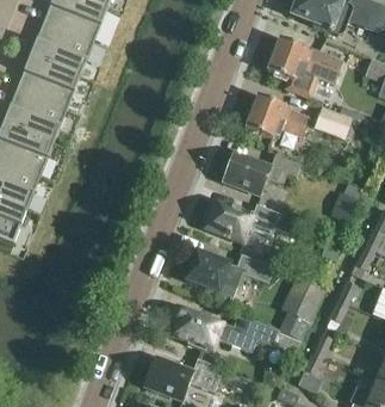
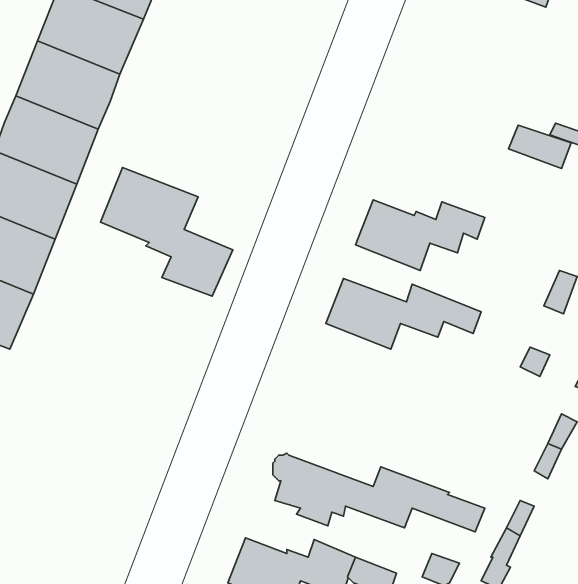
building: [267,37,342,95] -> none
building: [244,94,306,137] -> none
building: none -> [100,167,233,296]
building: [185,249,265,297] -> none
building: [288,273,323,321] -> none

